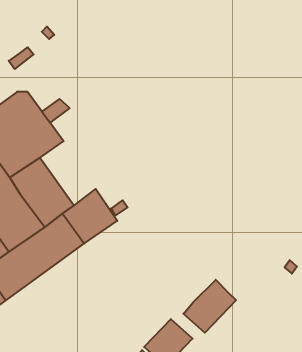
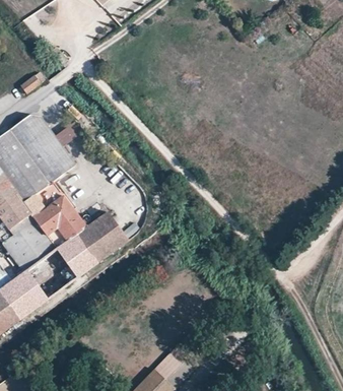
building: [183,280,236,333] -> none

